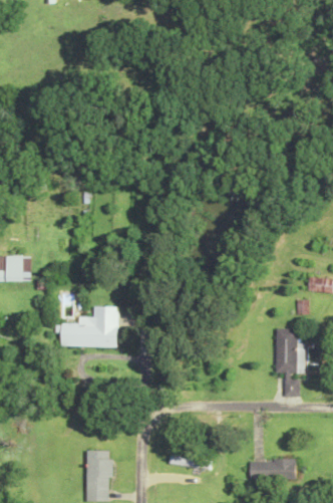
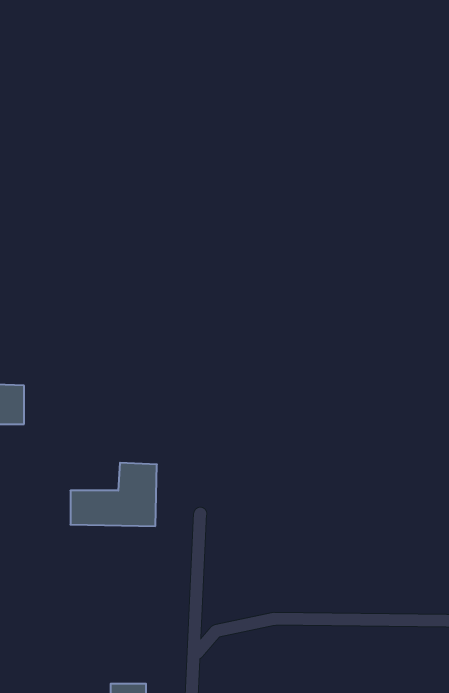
building: [276,329,297,397] -> none

